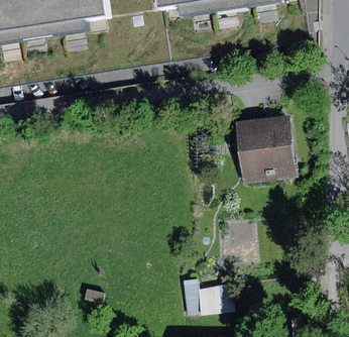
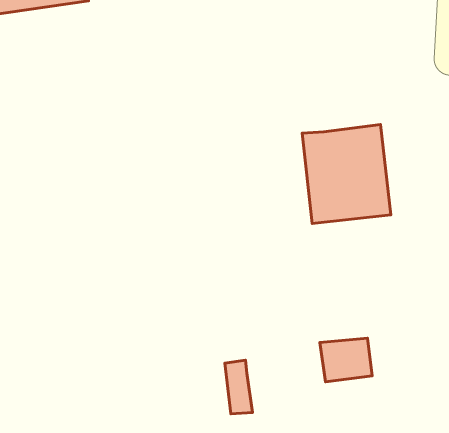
building: [197,285,233,315] -> [320,338,372,382]

